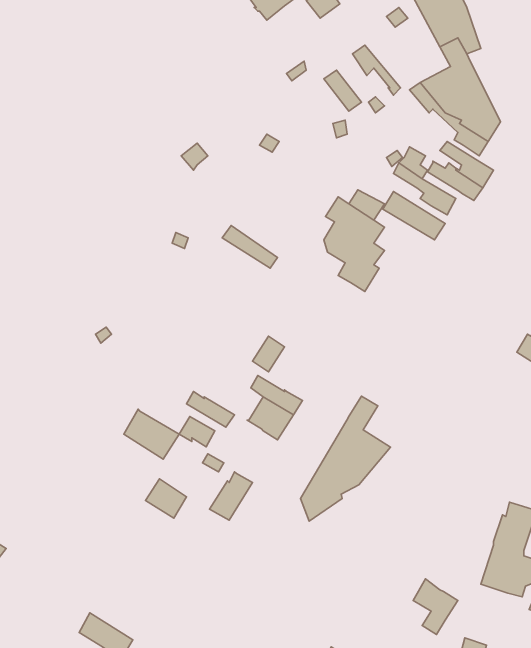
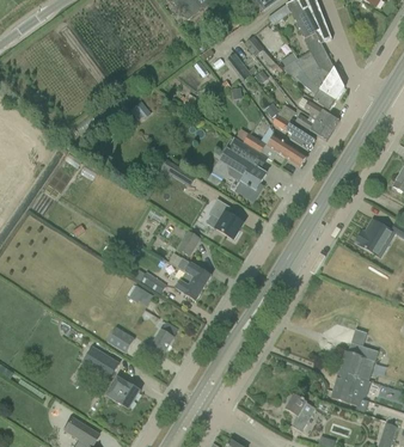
building: none -> [210,197,241,239]
building: [301,396,391,521] -> none
building: [124,409,179,459] -> [84,341,121,374]
building: none -> [106,375,140,409]

